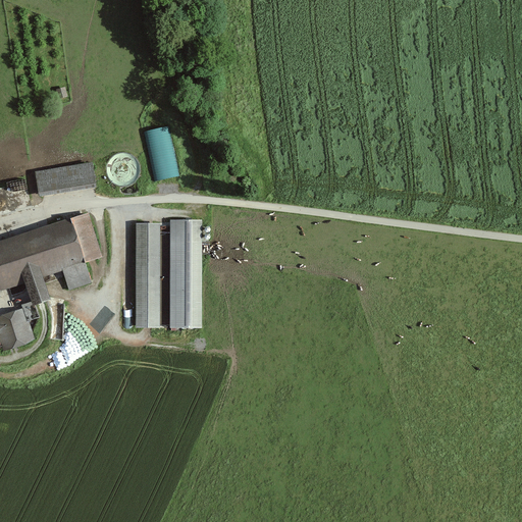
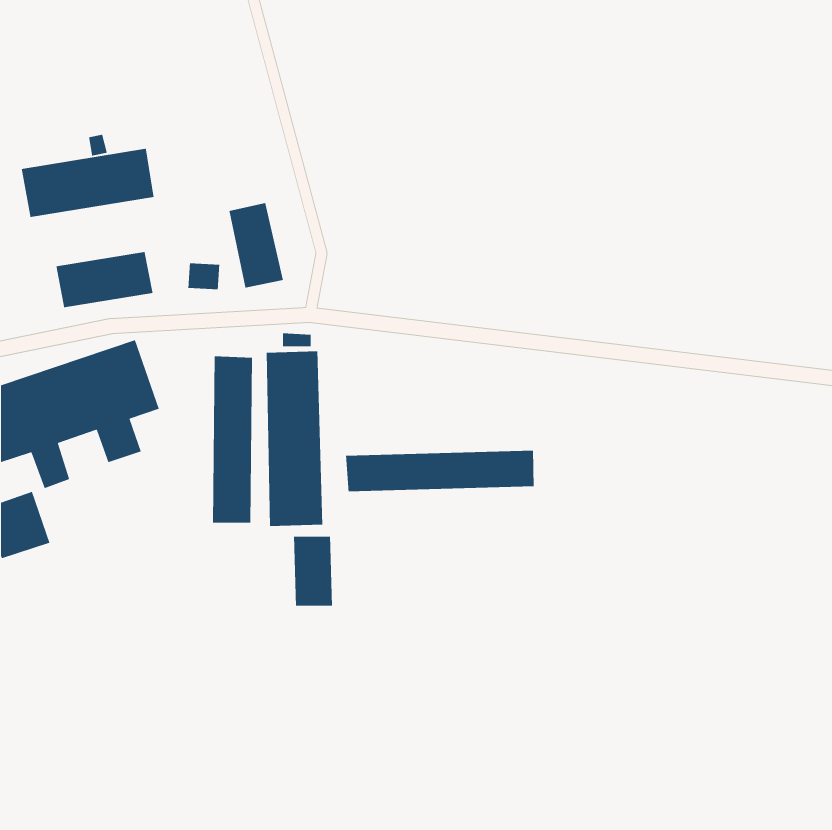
building: none -> [21,148,154,218]
building: none -> [345,450,534,492]
building: none -> [293,536,333,606]

